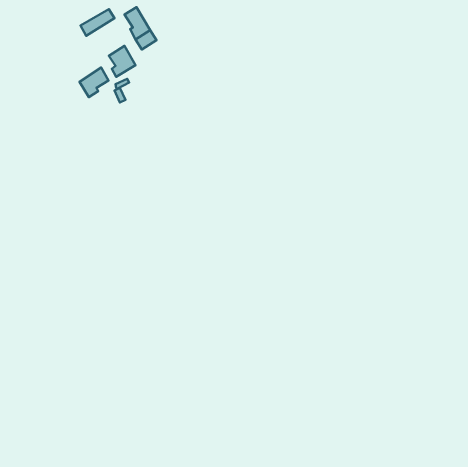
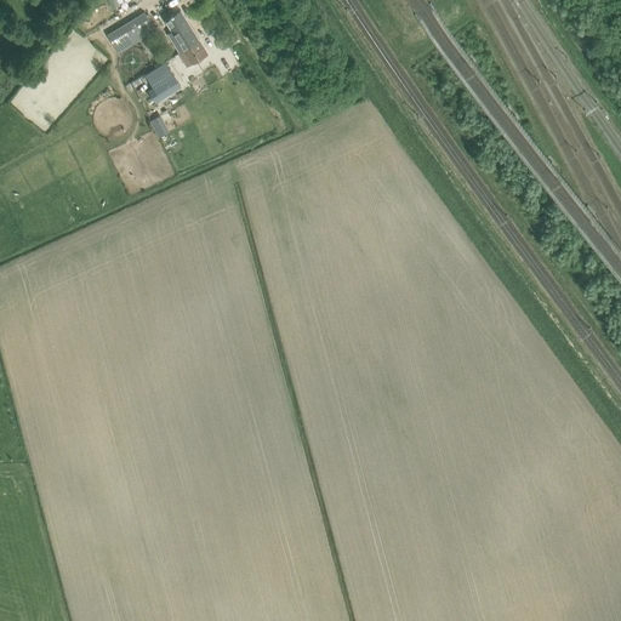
building: [79,68,109,97] -> none

